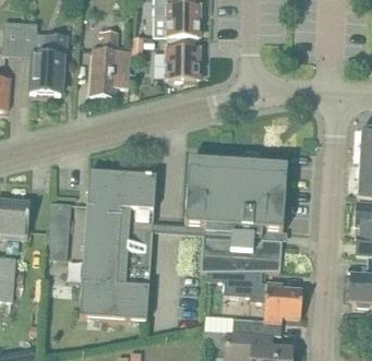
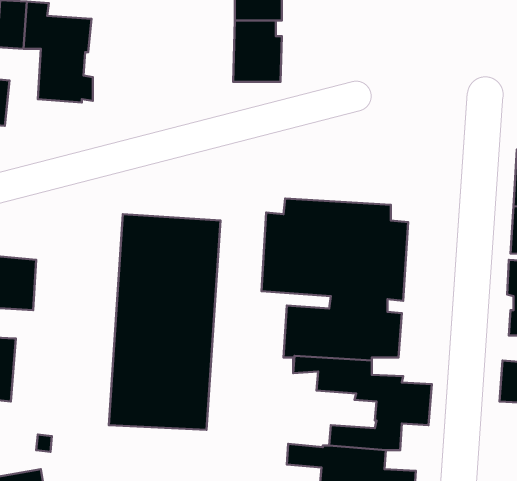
building: [89,28,130,95] -> none
building: [45,201,71,258] -> none

